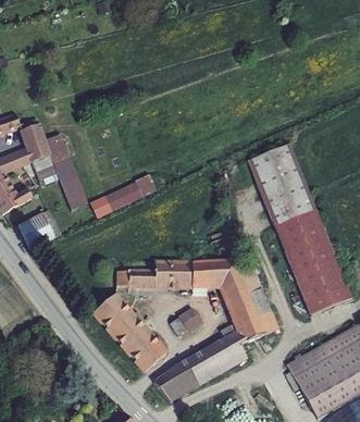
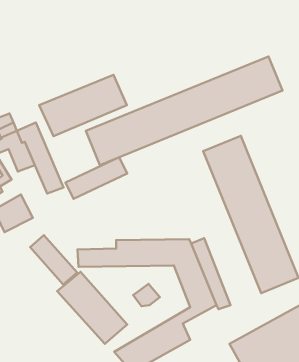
building: none -> [86,56,283,165]
building: none -> [39,75,127,136]
building: none -> [30,235,77,285]

